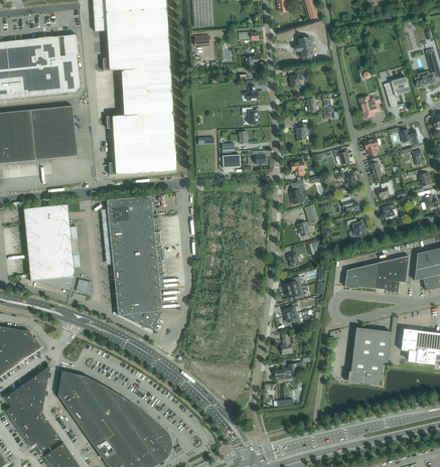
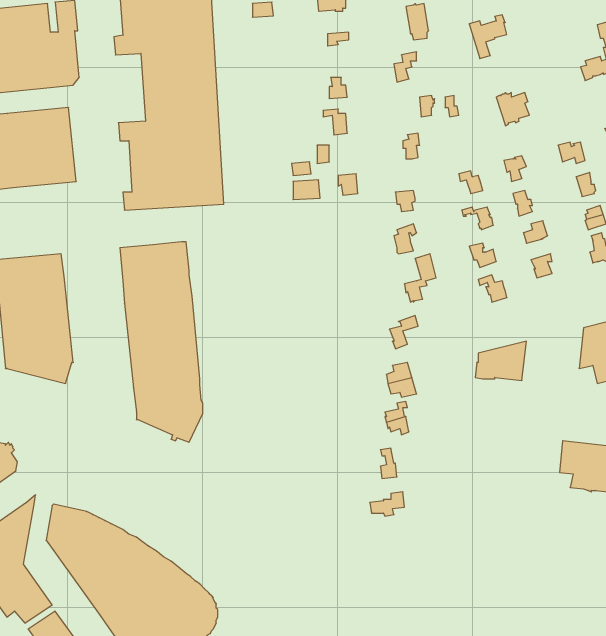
building: [384,77,409,107] -> [469,15,507,59]
building: [376,256,409,291] -> none
building: [347,327,391,385] -> none

